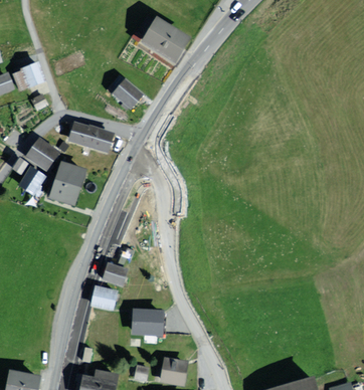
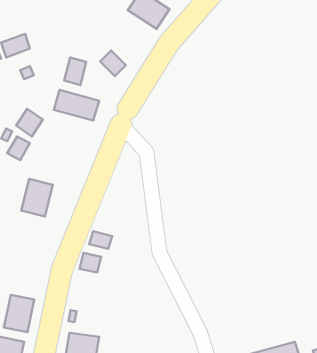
building: none -> [64,58,86,85]
building: [53,165,85,203] -> [21,179,53,216]
building: [134,311,163,333] -> none
building: none -> [4,295,34,332]
building: [163,356,187,383] -> none

